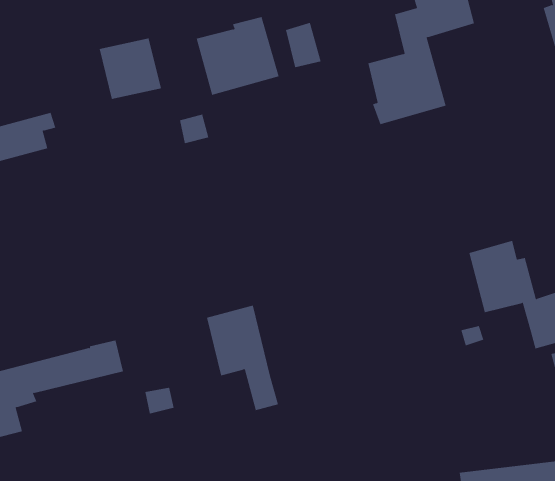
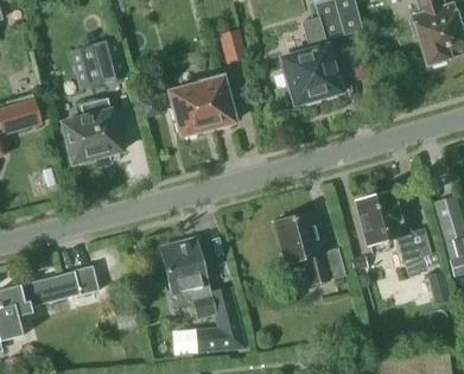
building: [196,16,280,95] -> [171,76,234,135]
building: none -> [62,99,122,165]
building: none -> [277,214,345,284]
building: none -> [197,287,244,351]

